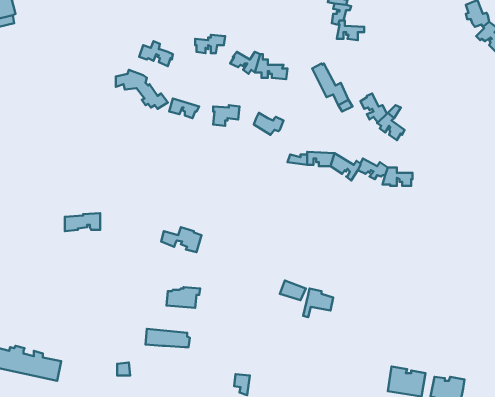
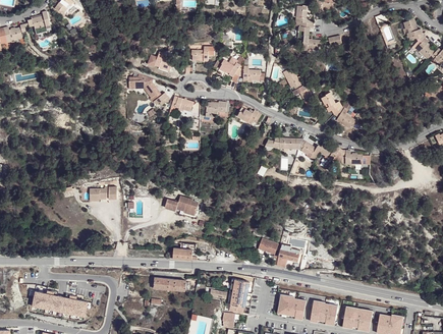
building: none -> [229,279,248,313]
building: none -> [277,294,306,316]
building: none -> [310,299,337,323]

